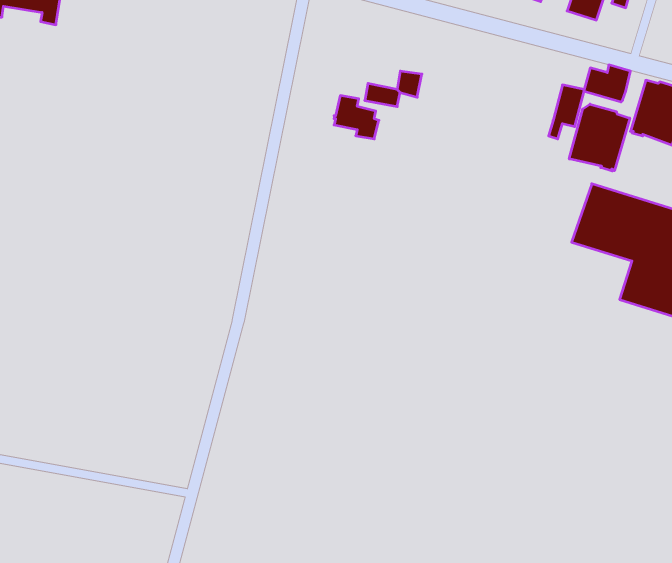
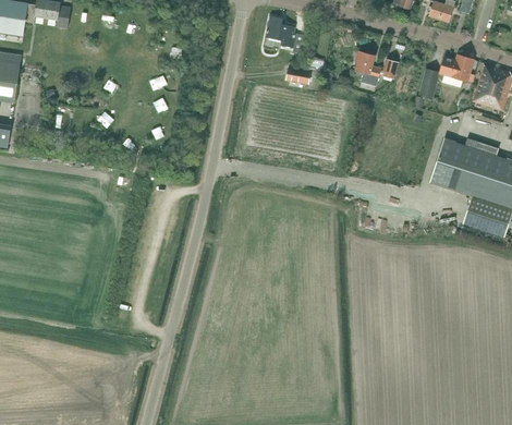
building: none -> [354,52,398,87]
building: [334,96,379,139] -> [265,17,296,48]
building: [569,104,630,171] -> none

